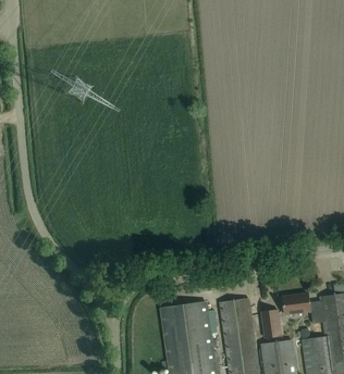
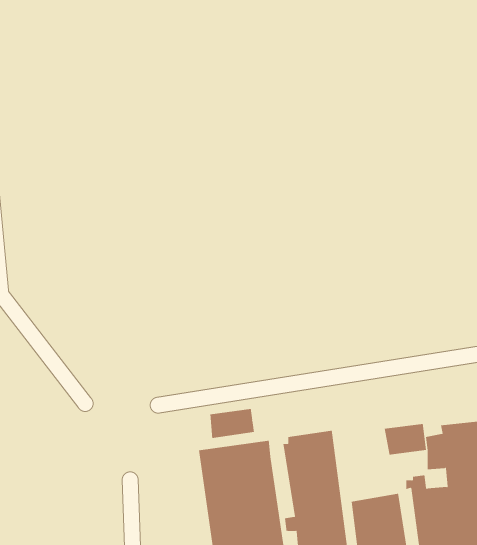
building: none -> [210,408,255,439]
building: [261,309,281,337] -> none

